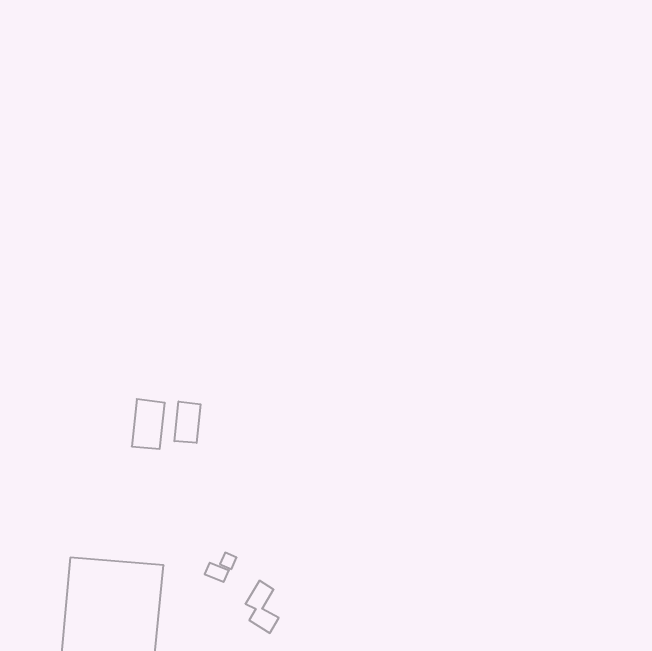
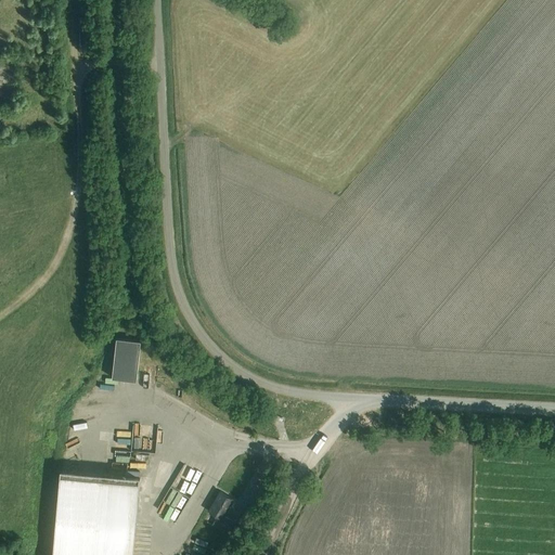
building: [174,401,201,443] -> none

